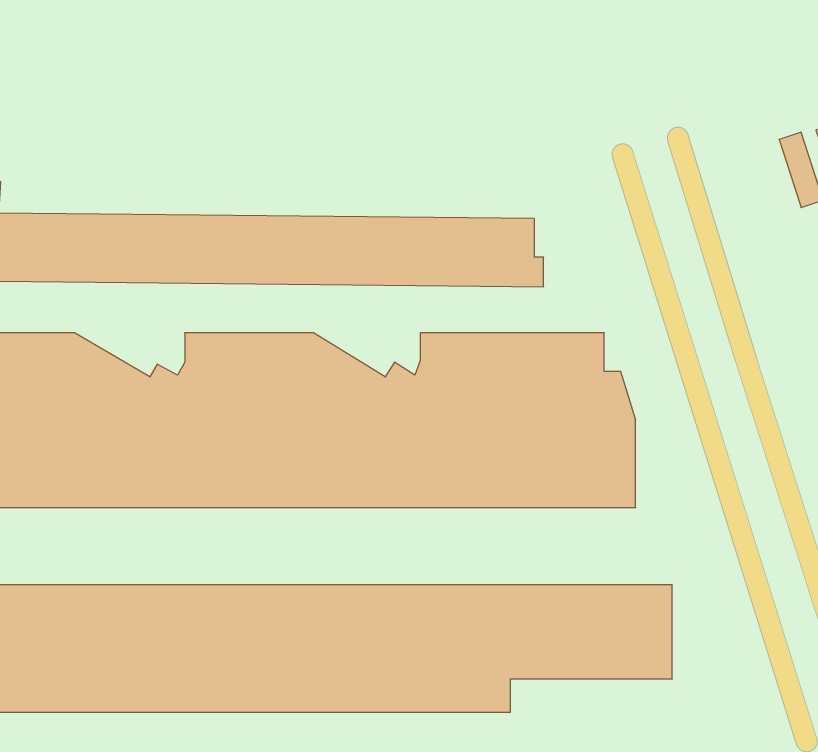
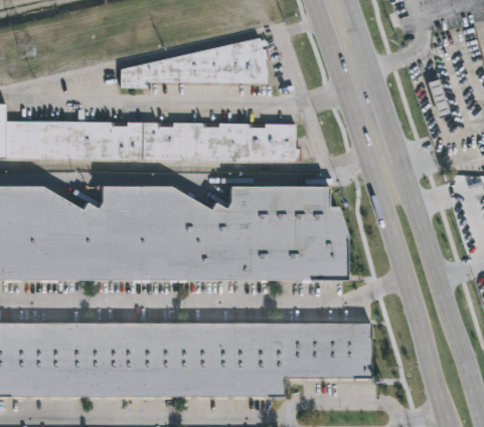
building: none -> [117,37,267,88]

